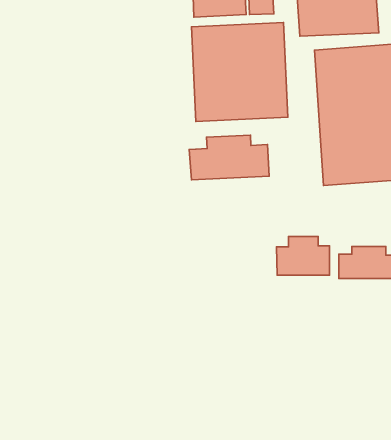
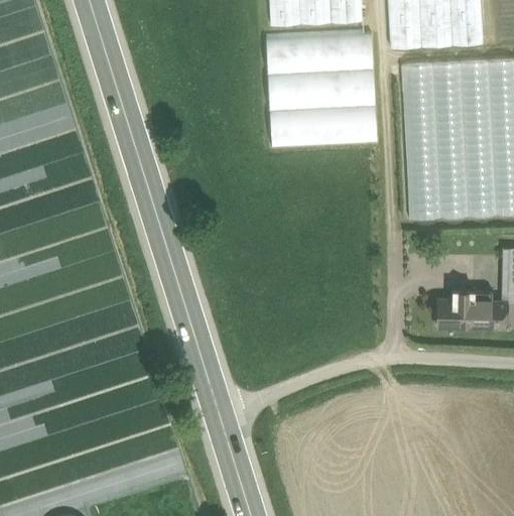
building: [189,135,269,180] -> none
building: [277,237,330,275] -> none

